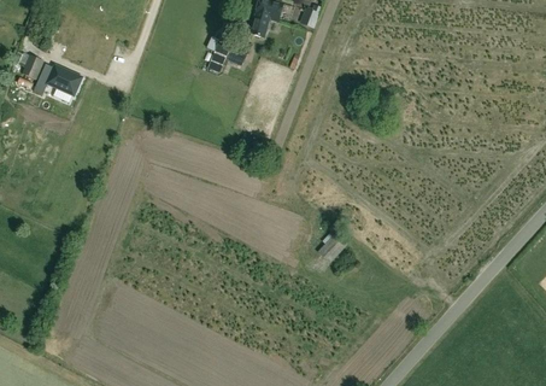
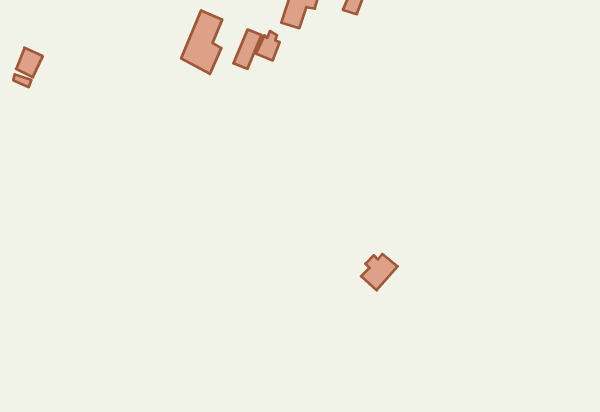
building: none -> [181,10,222,74]
building: [34,64,82,95] -> none

